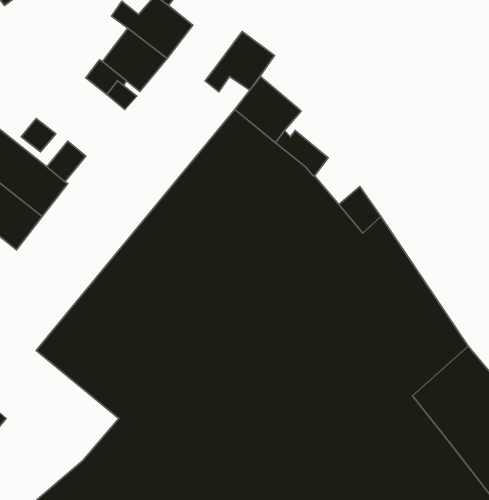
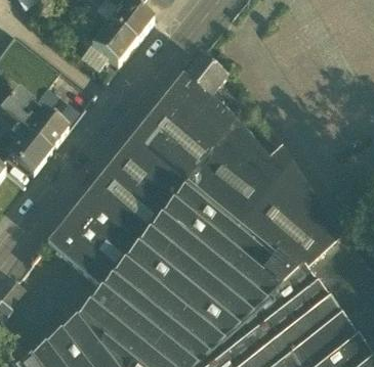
building: [205,32,274,92] -> none

